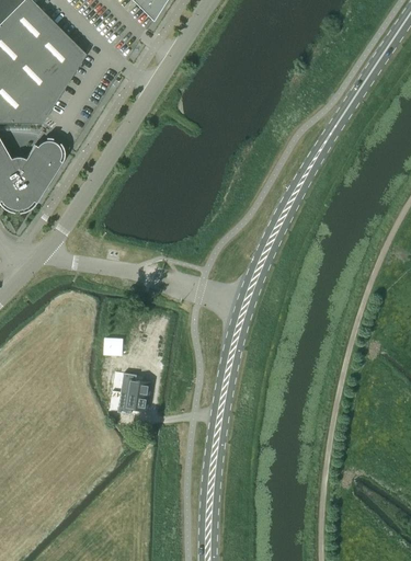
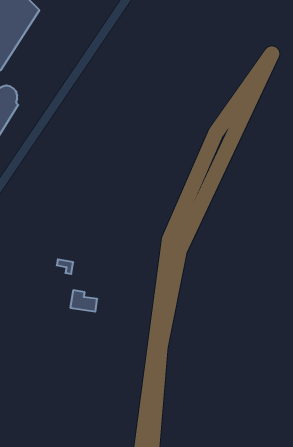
building: [117,392,149,414] -> none

